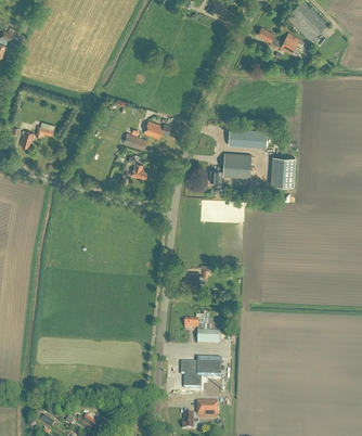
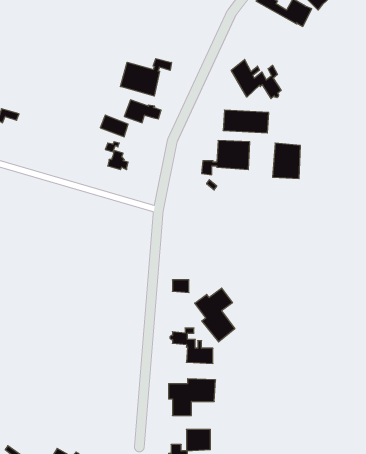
building: none -> [120,59,171,96]
building: none -> [231,59,281,99]
building: none -> [195,288,235,342]

